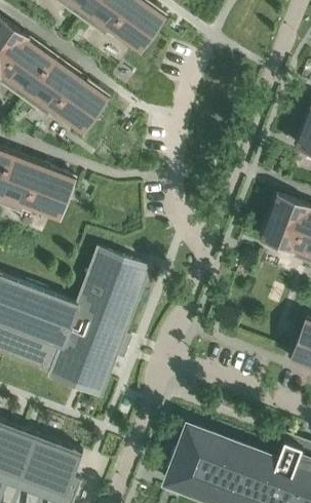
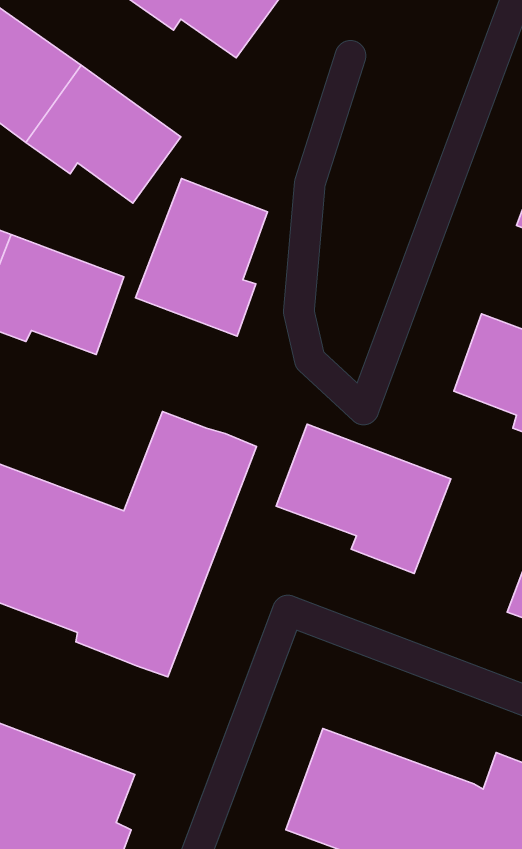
building: none -> [135,178,267,336]
building: none -> [276,424,451,574]

